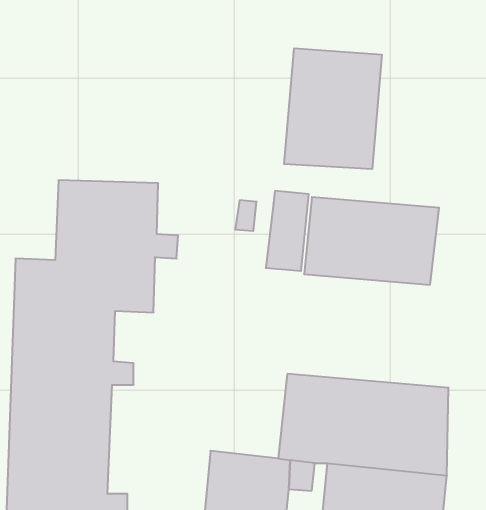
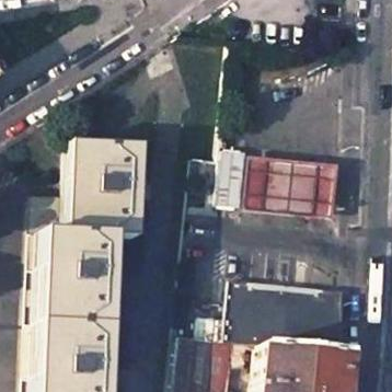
building: [284,48,382,169] -> none

